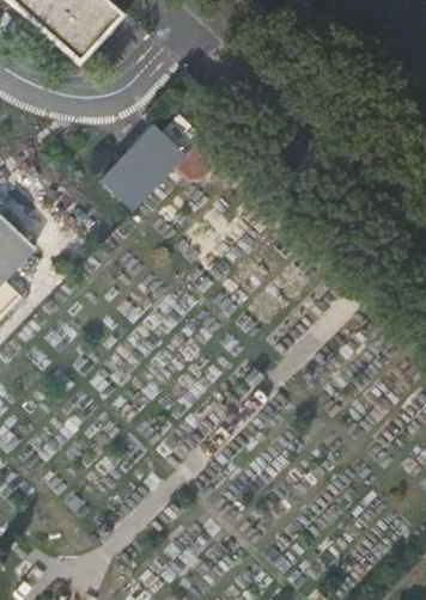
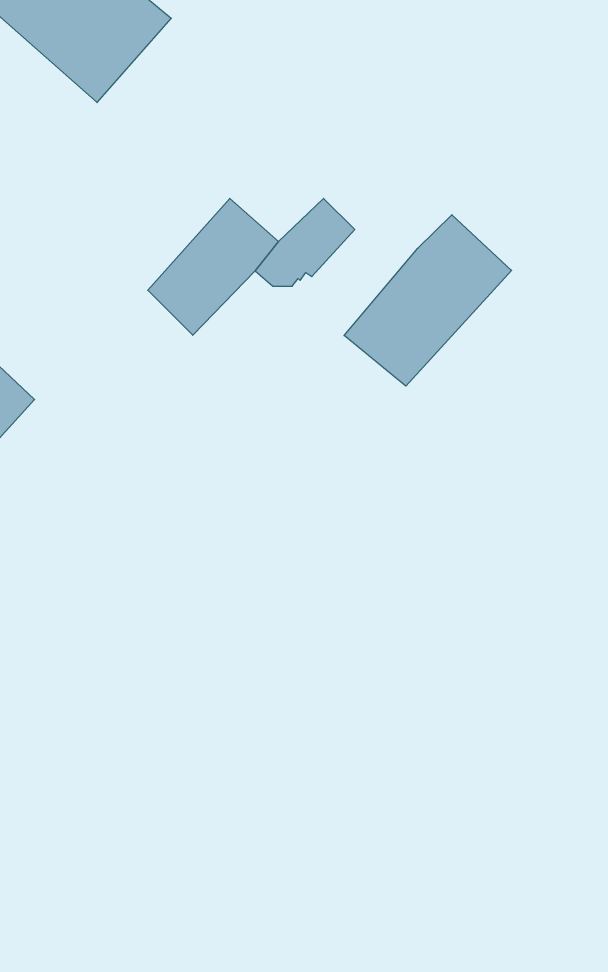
building: none -> [344,215,512,386]

